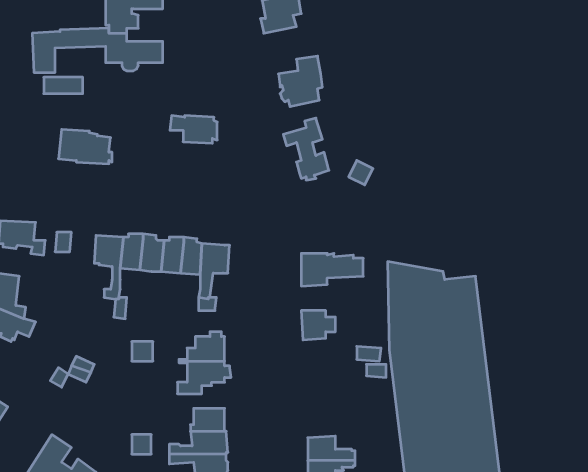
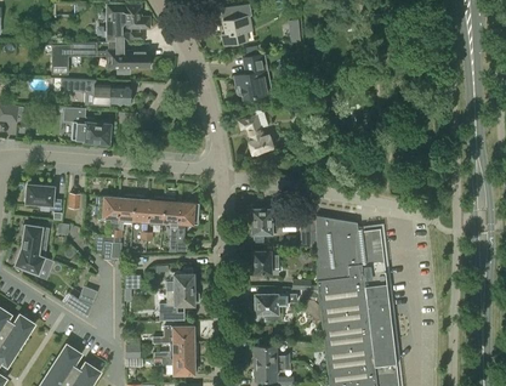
building: [170,116,217,143] -> [97,85,132,106]
building: none -> [251,295,296,322]

